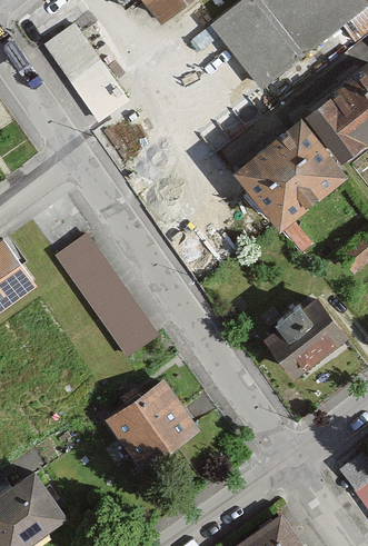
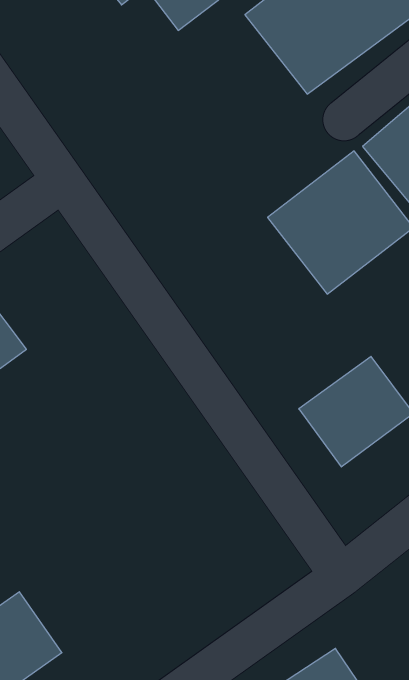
building: [44,16,120,117] -> none
building: [52,226,155,350] -> none
building: [105,380,198,471] -> none

